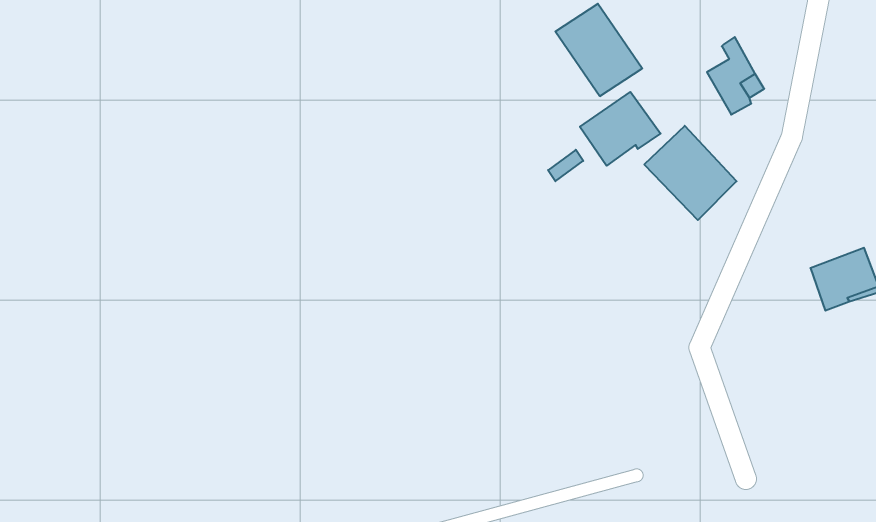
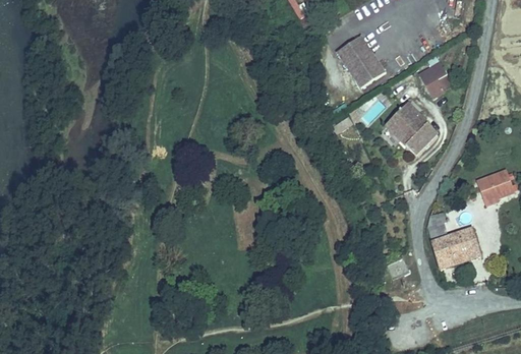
building: [580,92,661,166] -> none
building: none -> [427,211,480,268]

